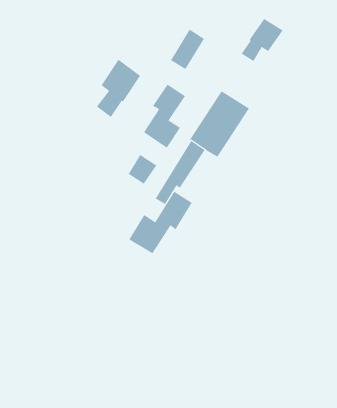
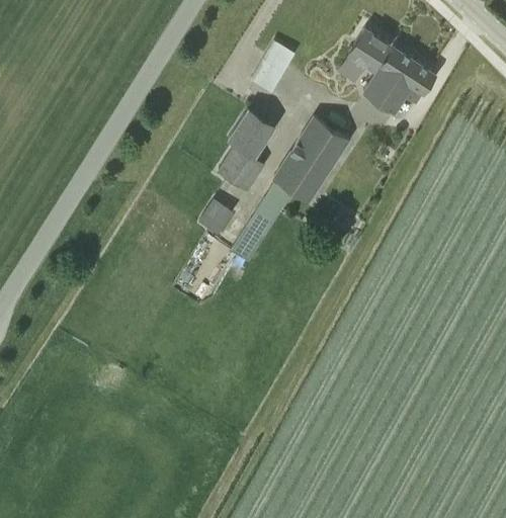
building: none -> [363,47,435,112]
building: [96,59,141,118] -> none
building: [128,191,193,254] -> none

